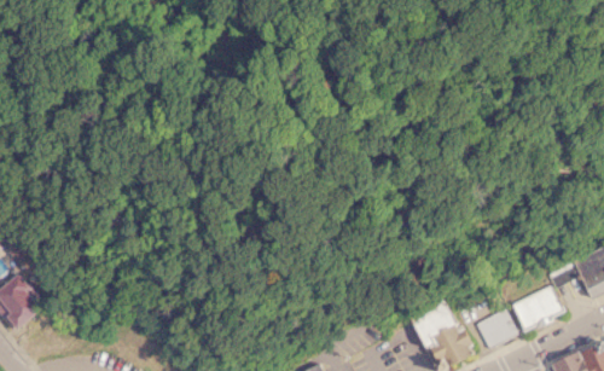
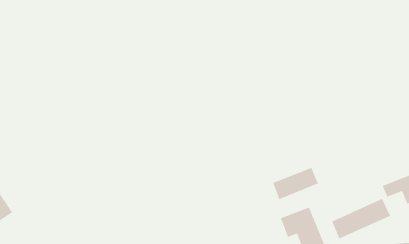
building: none -> [272,167,319,200]

